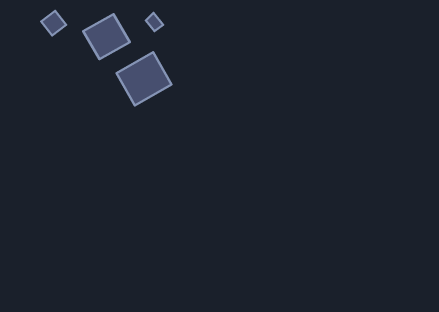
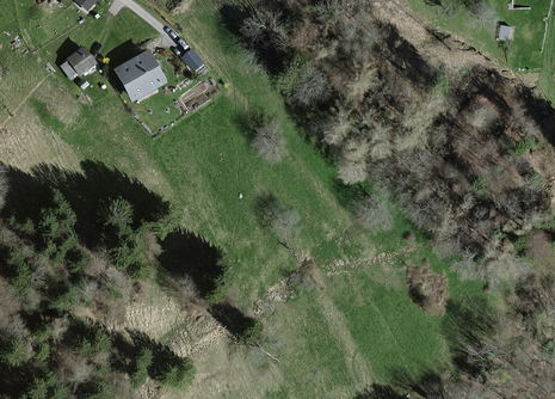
building: [117,52,172,105] -> none

